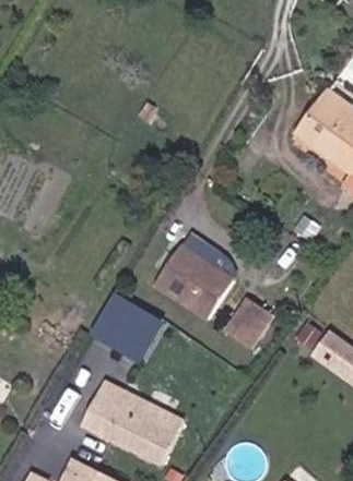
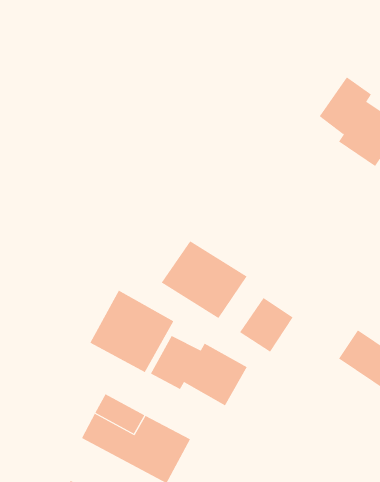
building: none -> [150,335,247,406]

